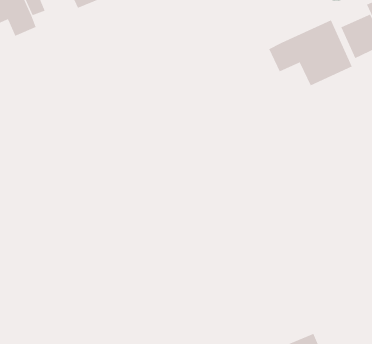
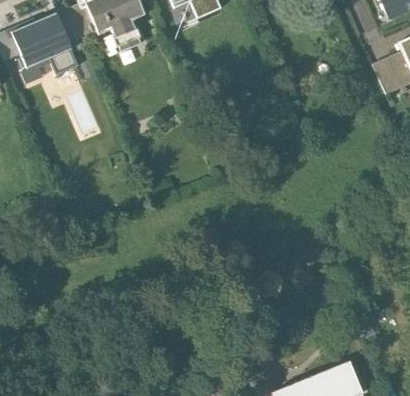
building: [269,20,352,86] -> none

